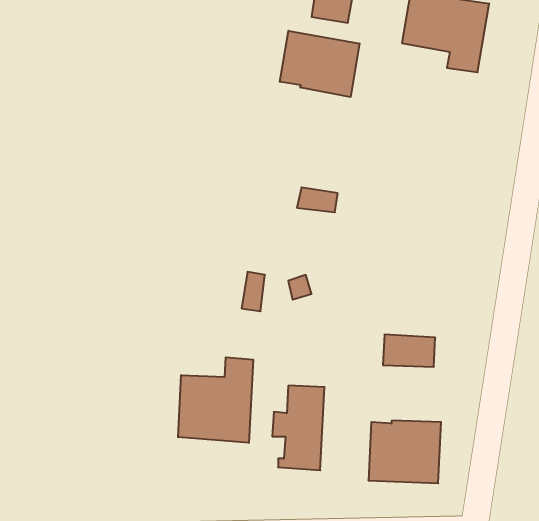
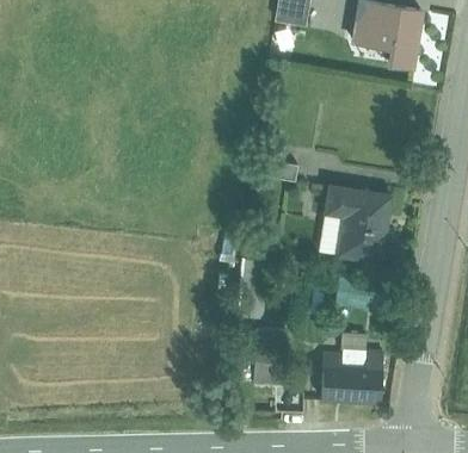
building: [280,31,360,97] -> none
building: none -> [319,186,390,262]
building: [178,357,253,443] -> none

